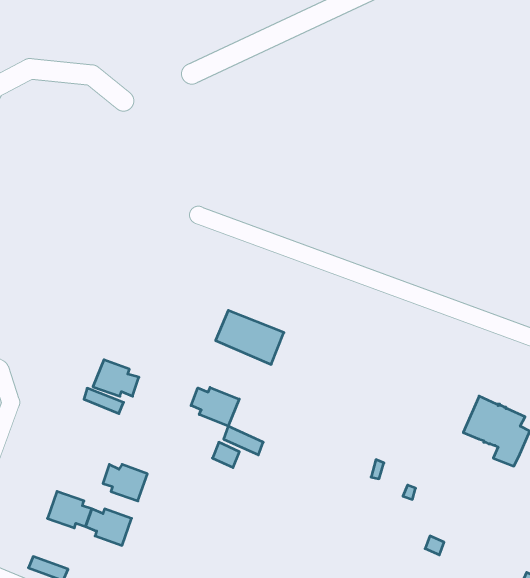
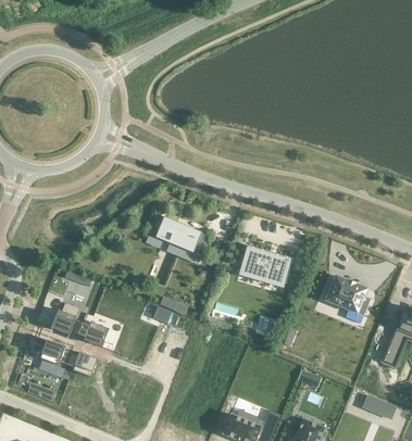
building: none -> [238,244,291,282]
building: [93,360,139,396] -> [50,310,82,335]
building: [191,387,239,426] -> none

